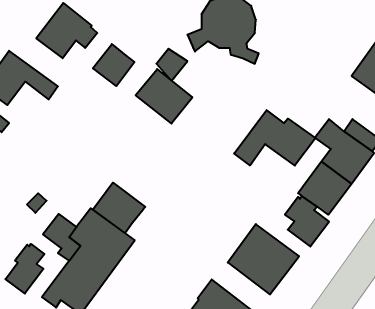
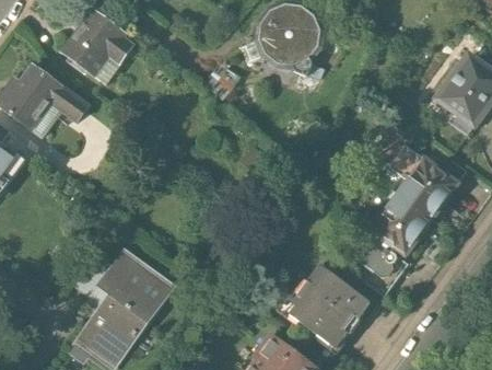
building: [93,44,134,86] -> none
building: [136,69,192,124] -> none
building: [234,110,315,166] -> none
building: [93,183,145,233] -> none
building: [5,244,44,294] -> none

